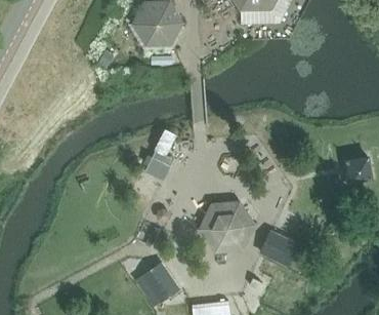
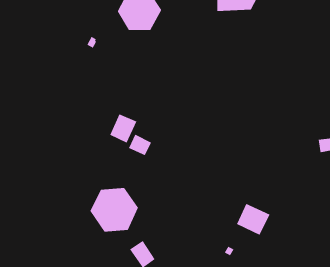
building: none -> [109,113,137,143]
building: [201,202,254,250] -> [90,188,139,232]

